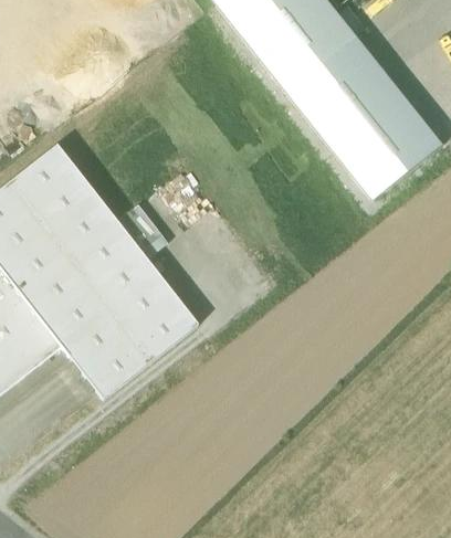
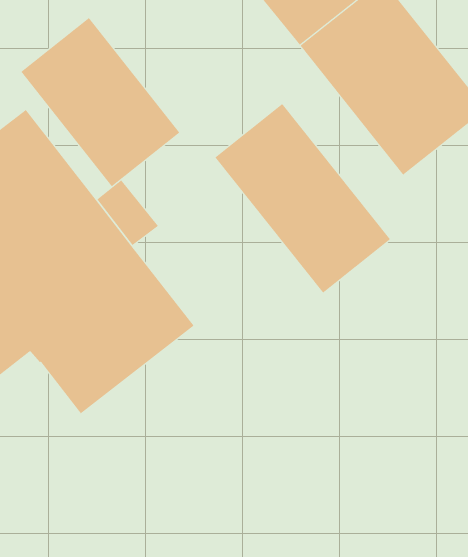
building: none -> [21,17,180,187]
building: none -> [215,103,391,294]

